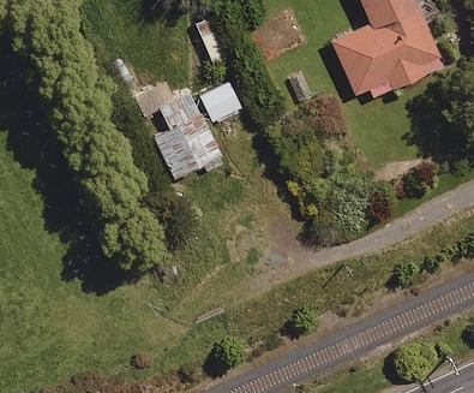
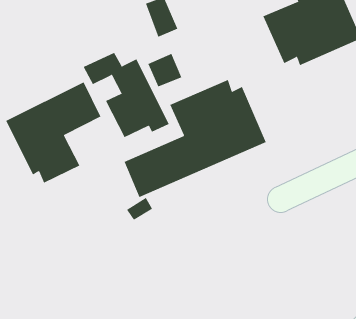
building: none -> [124,79,267,198]
building: none -> [5,81,101,184]

